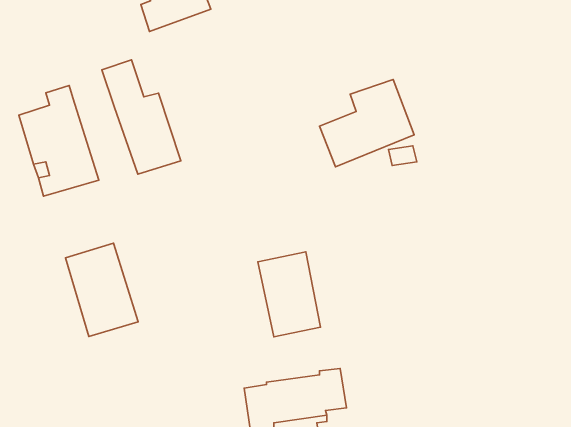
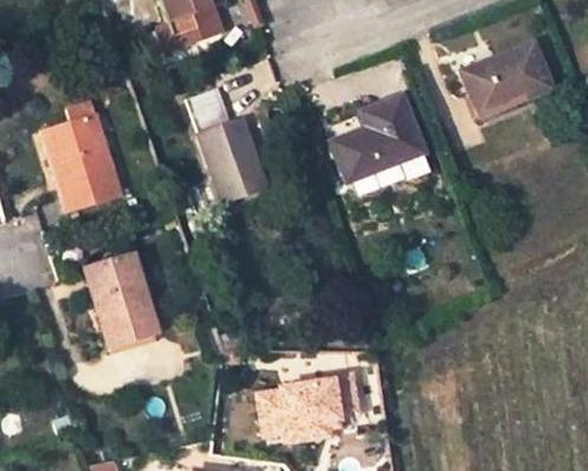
building: none -> [461,44,550,114]
building: [102,60,181,174] -> [187,89,263,199]
building: [258,252,321,337] -> none

